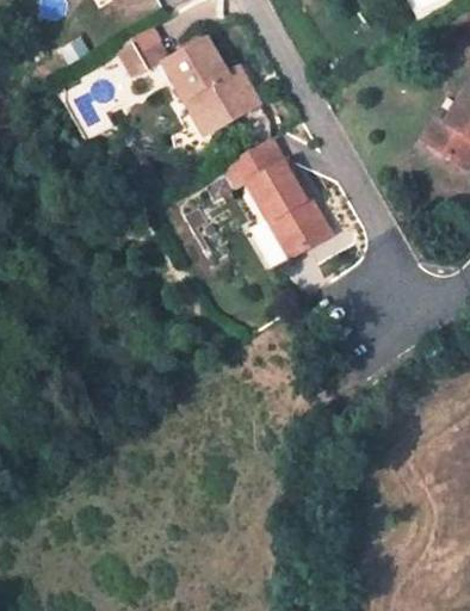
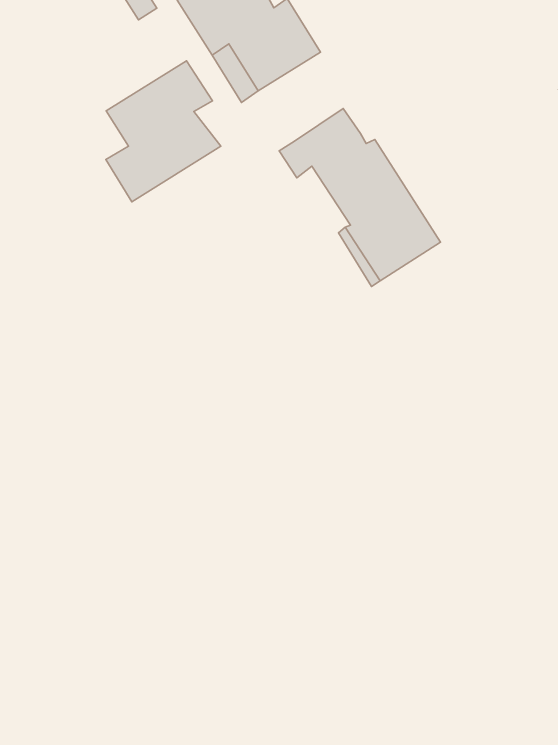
building: none -> [106,61,221,202]

